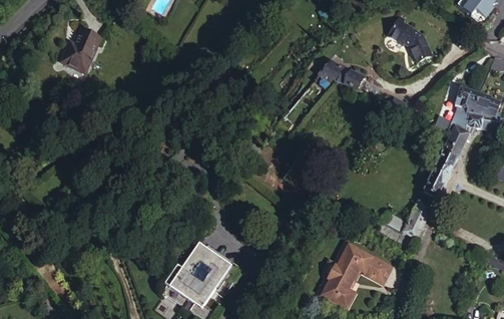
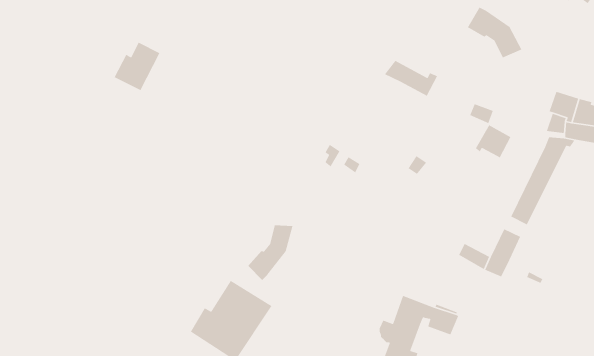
building: [62,32,100,72] -> [114,42,161,91]
building: none -> [475,124,511,158]
building: none -> [247,225,293,281]

